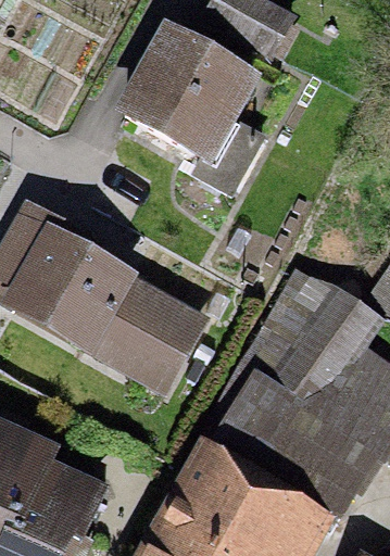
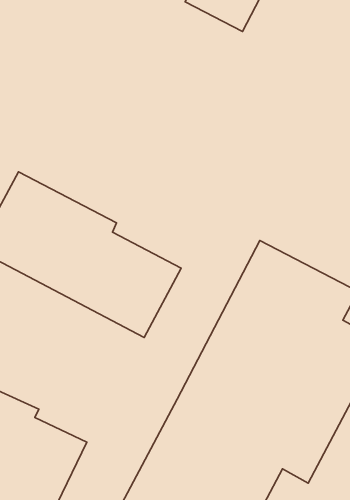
building: [133,30,271,166] -> none

